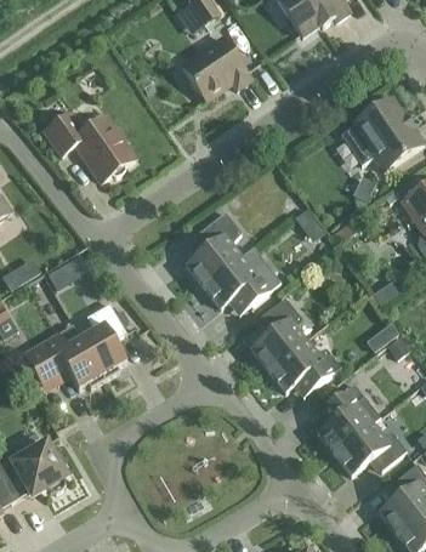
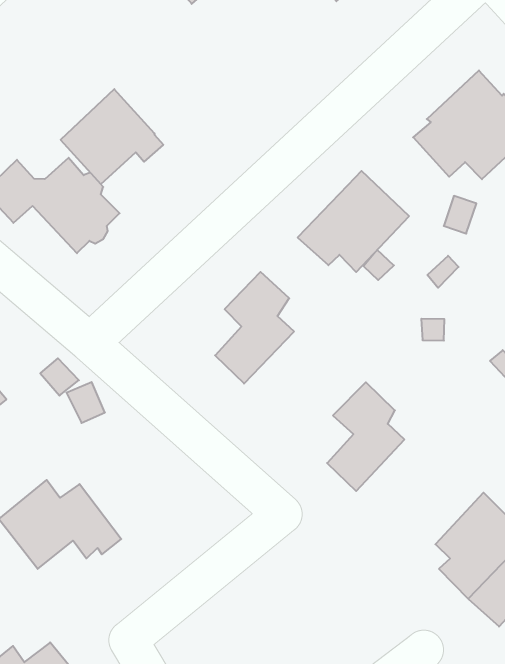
building: [181,36,250,99] -> [61,89,163,184]
building: [201,246,279,314] -> [298,171,409,272]
building: [80,302,125,379] -> none
building: [267,338,340,395] -> none

